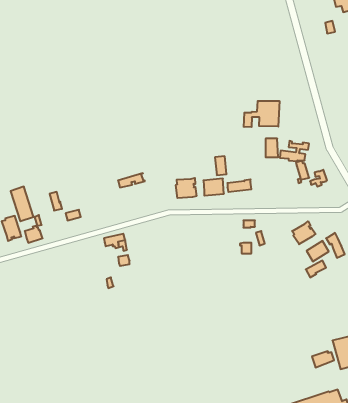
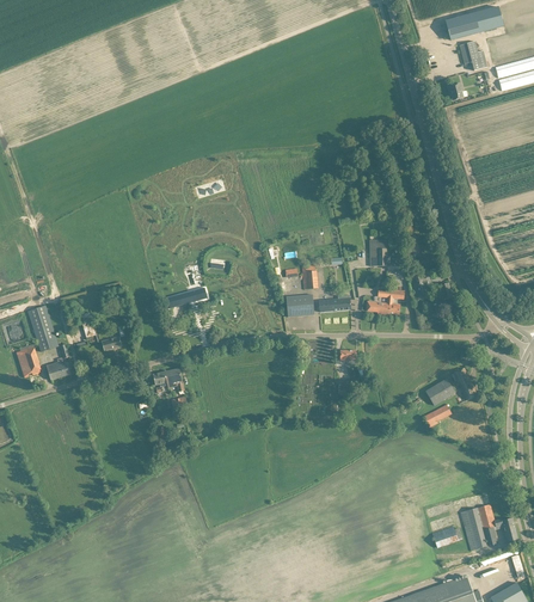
building: [244,101,279,127] -> none
building: [280,141,309,161] -> [366,288,405,315]
building: [176,178,196,198] -> none
building: [292,221,316,244] -> none

